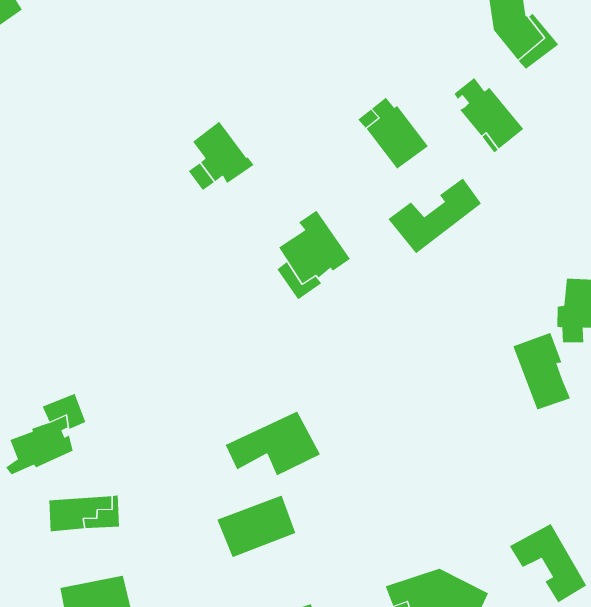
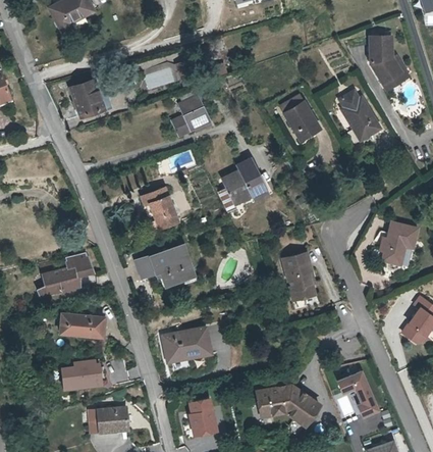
building: none -> [68,82,102,117]
building: [387,178,482,254] -> none
building: none -> [143,188,179,229]
building: [513,332,571,410] -> [285,254,316,300]
building: [225,411,321,476] -> [134,247,192,285]

